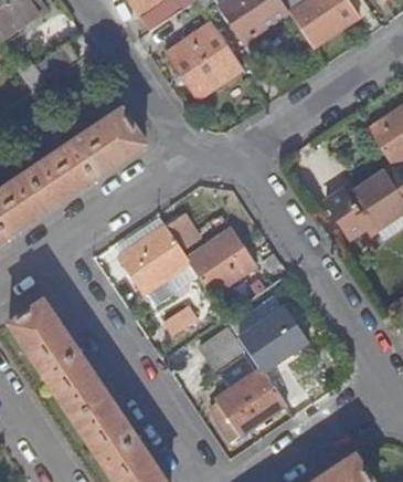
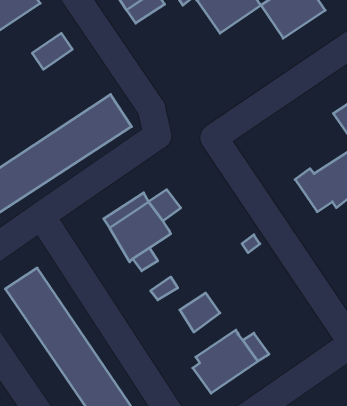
building: [166,24,241,97] -> none
building: [187,228,256,295] -> none
building: [238,305,310,373] -> none

